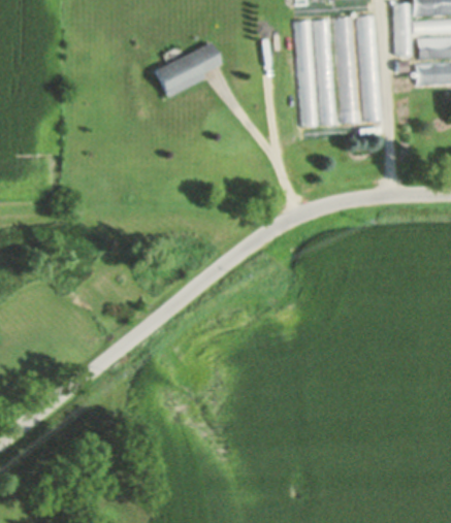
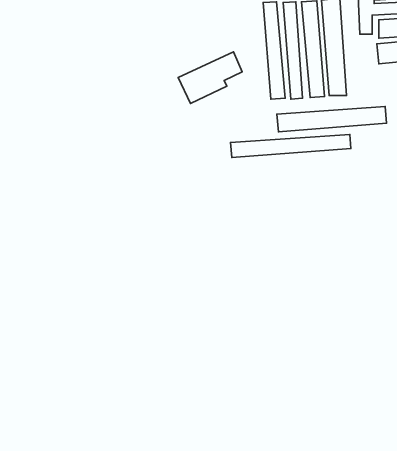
building: [151,42,220,98] -> [178,52,242,103]
building: none -> [277,107,387,132]
building: none -> [231,134,351,158]

